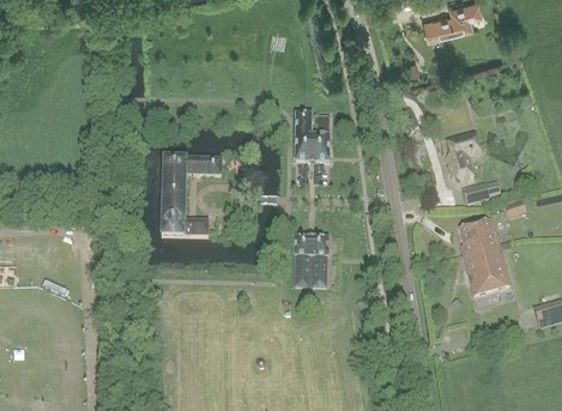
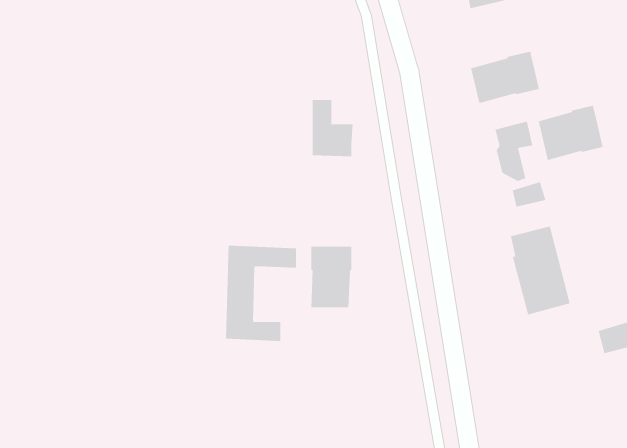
building: none -> [471,51,540,104]
building: none -> [538,105,603,161]
building: [161,158,220,238] -> [225,245,297,342]

